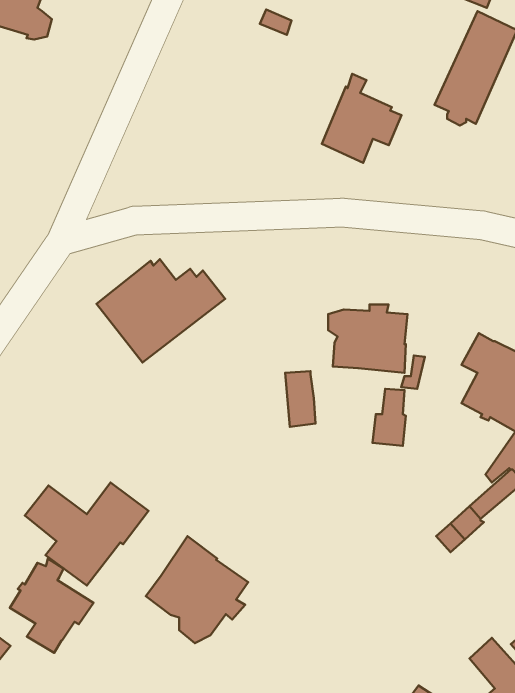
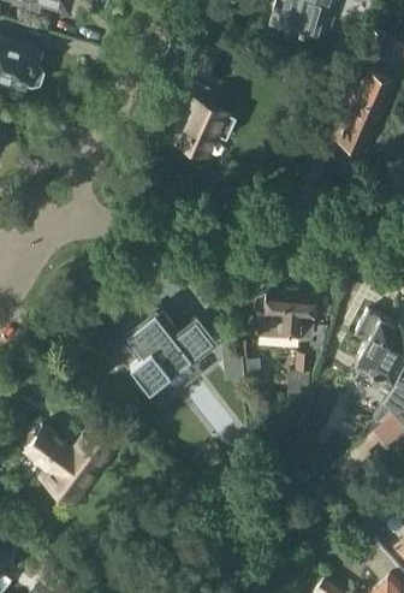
building: [322,74,401,163] -> [176,89,236,156]
building: [96,259,225,362] -> [114,314,212,392]
building: [146,536,248,643] -> none
building: [10,558,93,653] -> none

